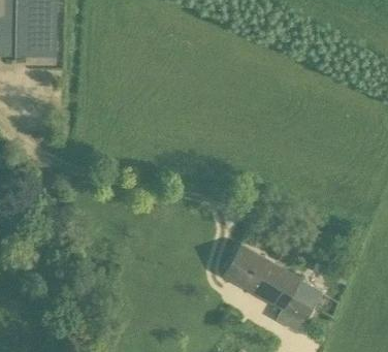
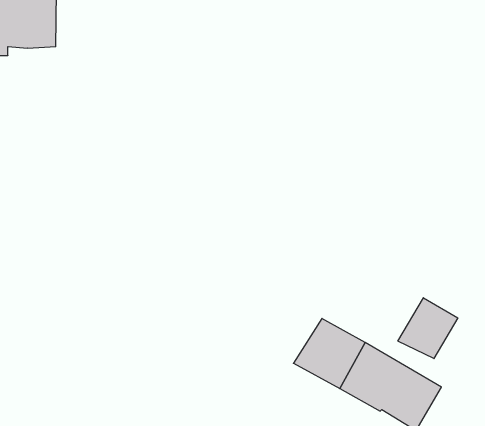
building: none -> [398,298,458,359]

